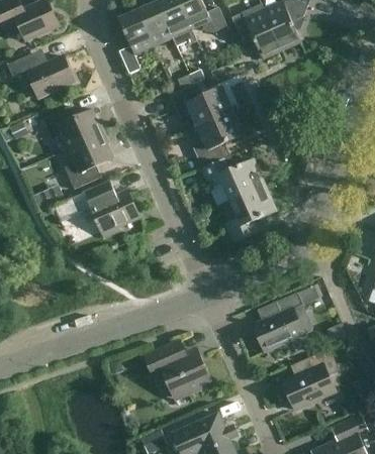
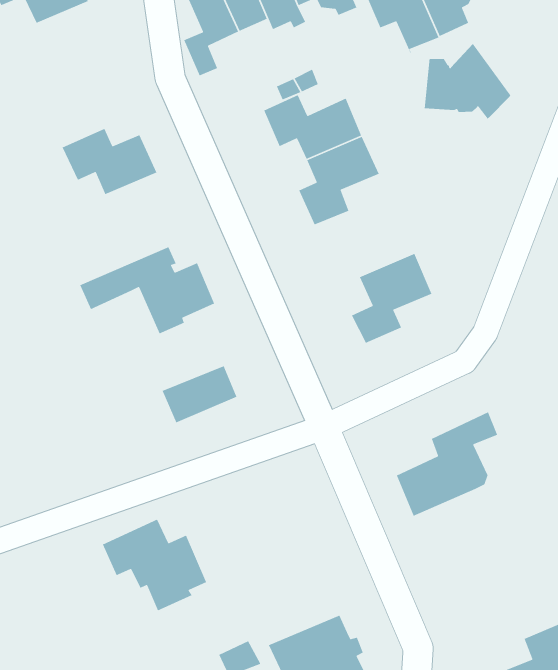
building: none -> [424,41,513,123]
building: [7,52,75,98] -> none
building: [64,134,112,189] -> none
building: [200,158,265,200] -> none
building: none -> [161,365,237,424]
building: [144,340,210,399] -> [102,519,207,611]
building: [282,348,339,410] -> none

